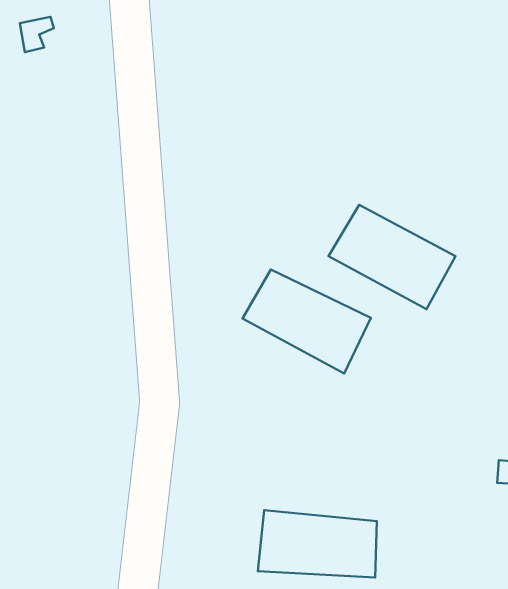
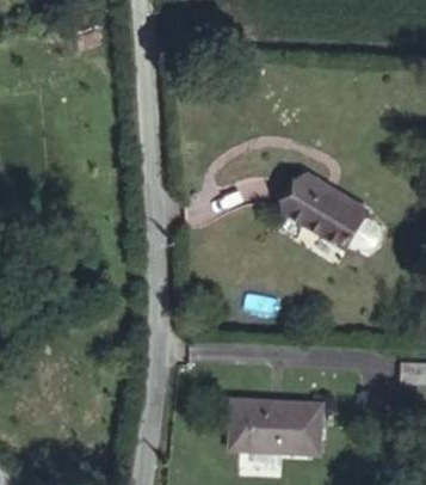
building: [243,269,371,373] -> none

